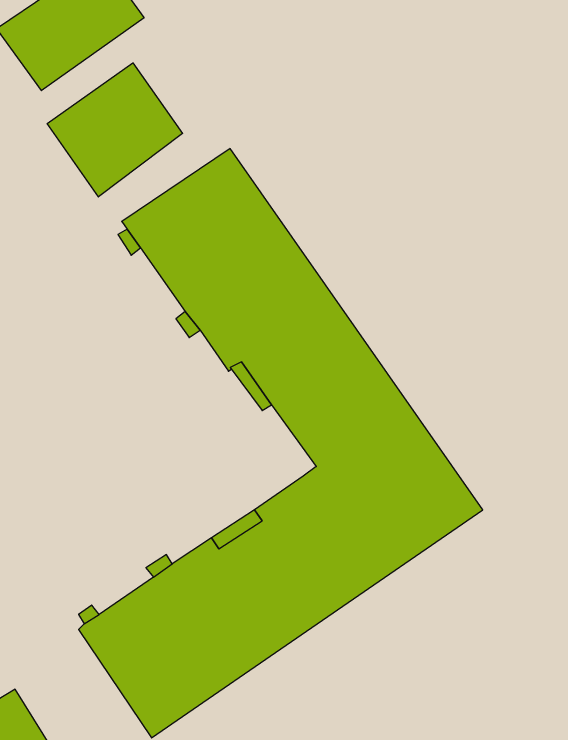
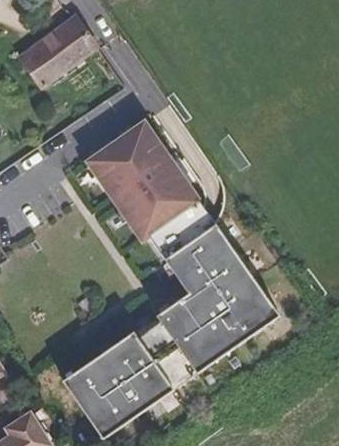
building: [47,63,183,197] -> none

